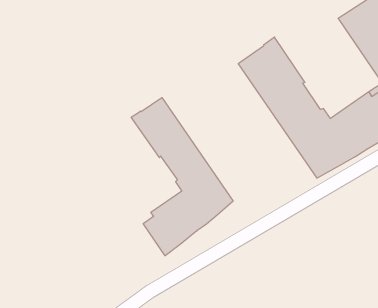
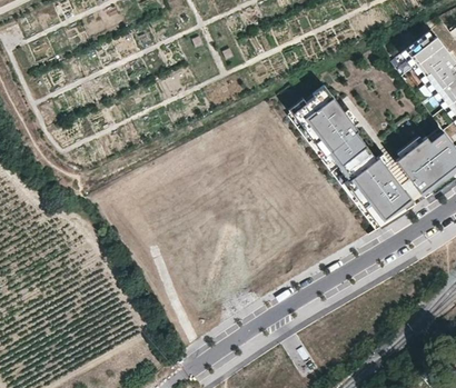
building: [131,98,233,256] -> none

